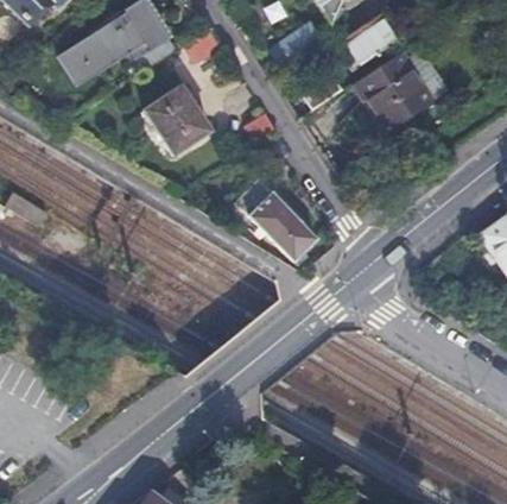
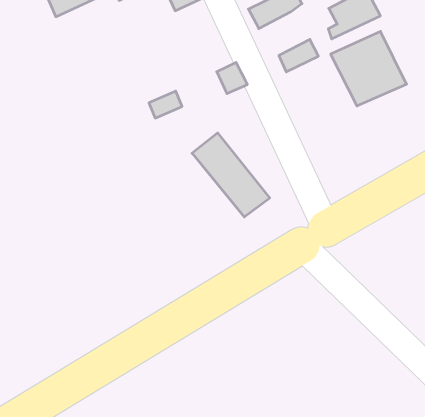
building: [142,84,210,155] -> none

